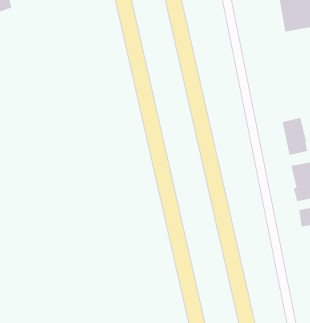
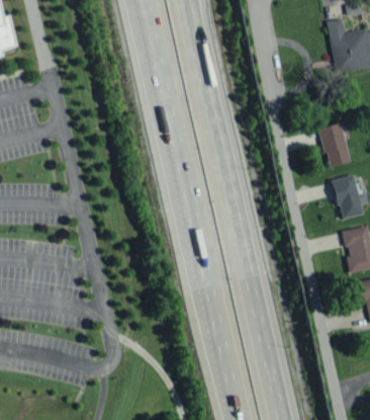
building: none -> [319,122,350,166]

